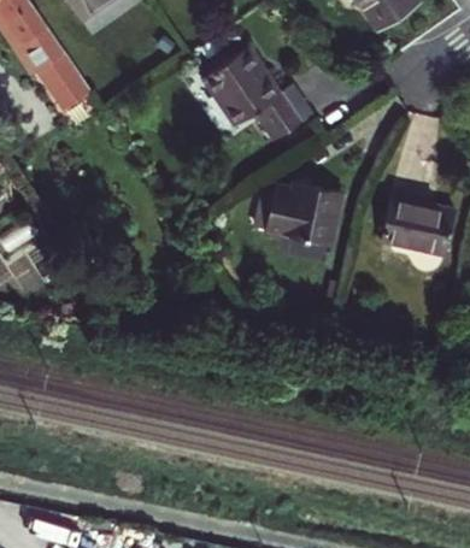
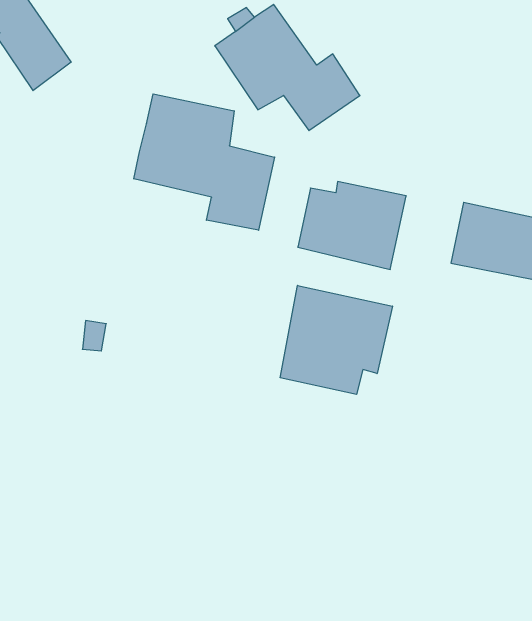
building: none -> [134,94,275,230]
building: none -> [280,285,392,394]

